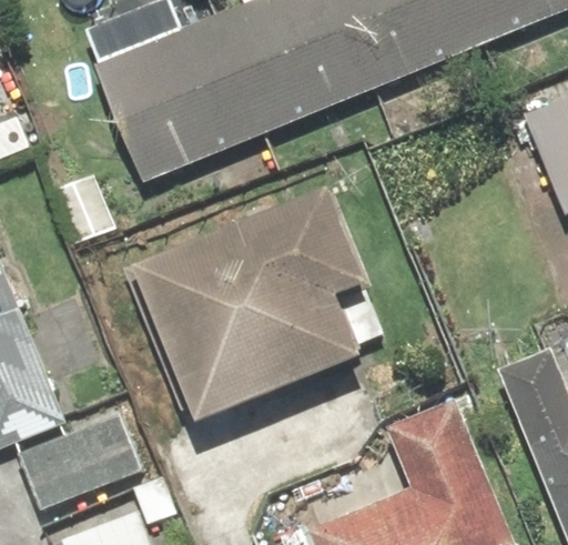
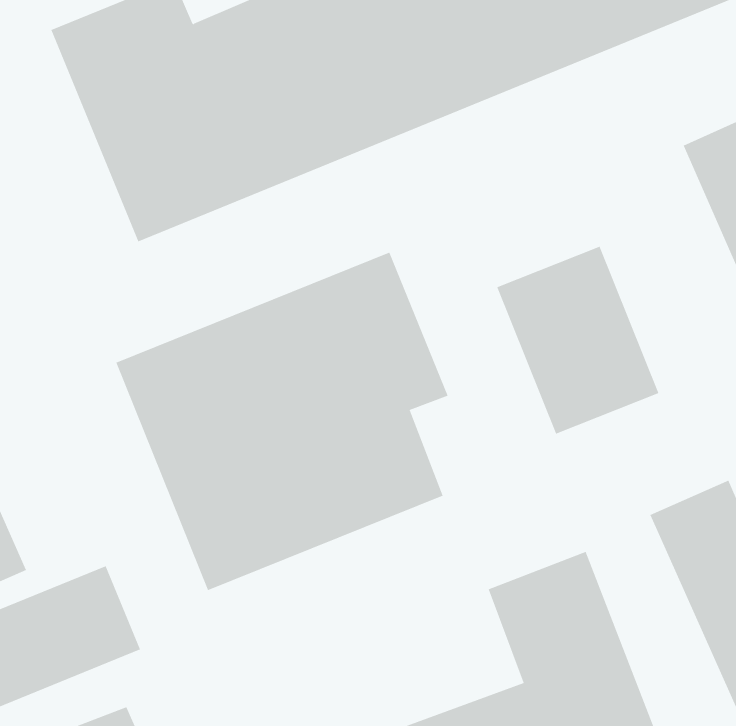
building: none -> [496,246,659,434]

